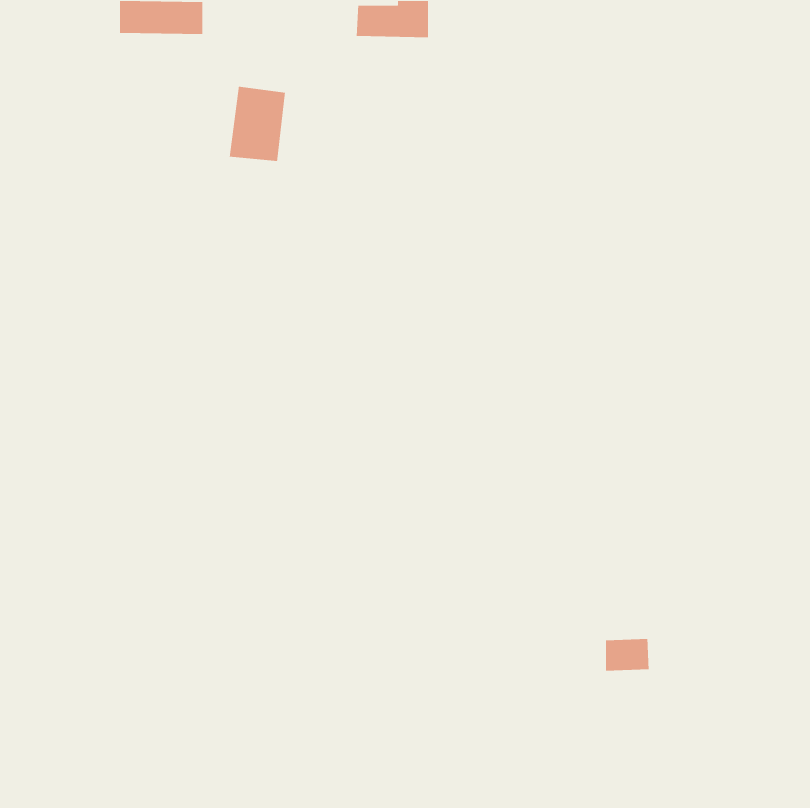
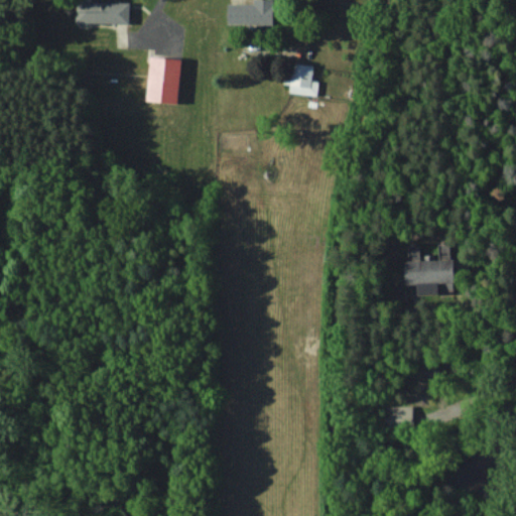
building: none -> [288,63,318,98]
building: none -> [405,247,455,296]

